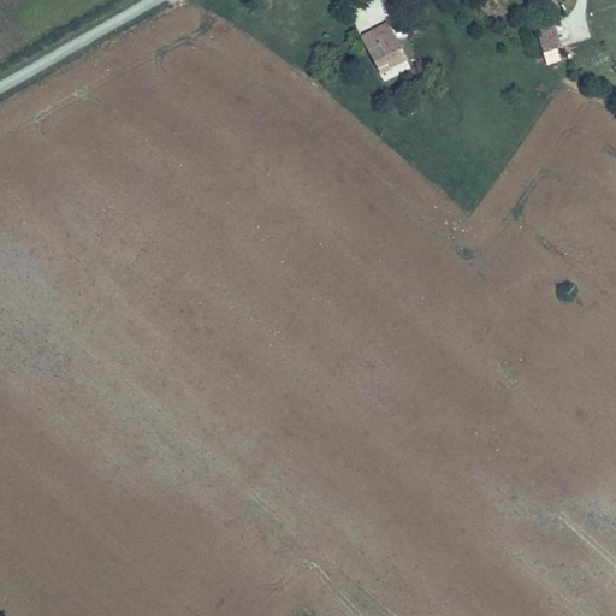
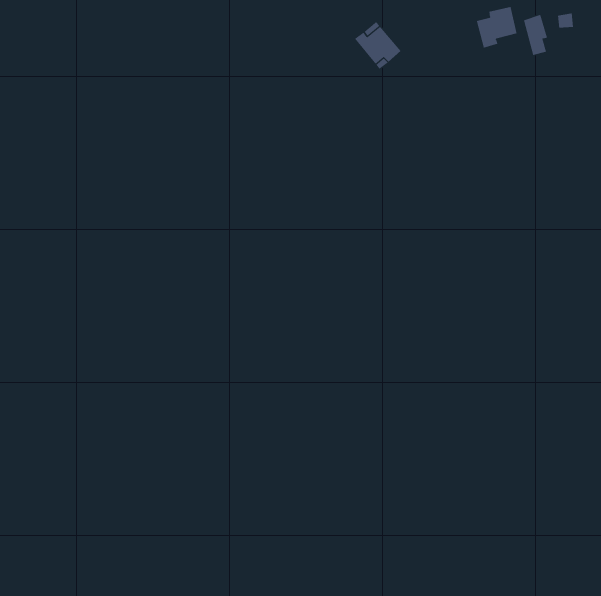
building: none -> [476,6,517,48]

